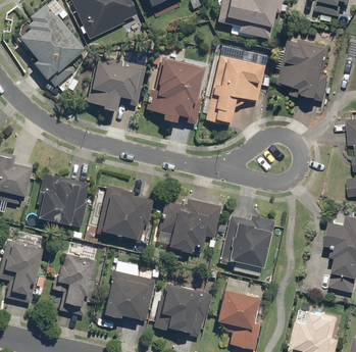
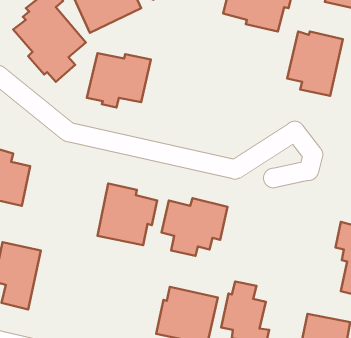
building: [204,54,265,124] -> none
building: [145,57,208,124] -> none
building: [36,172,90,228] -> none
building: [217,215,275,278] -> none
building: [51,251,96,315] -> none
building: [101,262,155,320] -> none

